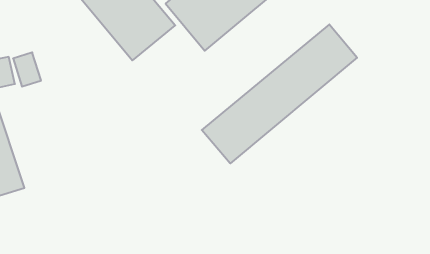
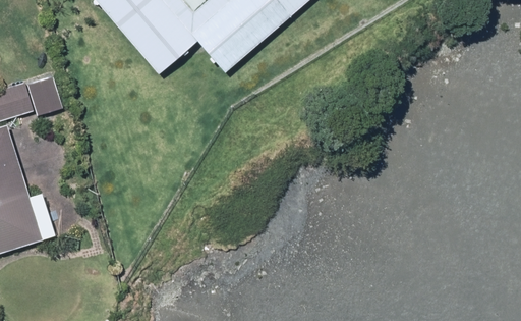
building: [202,24,357,163] -> none

